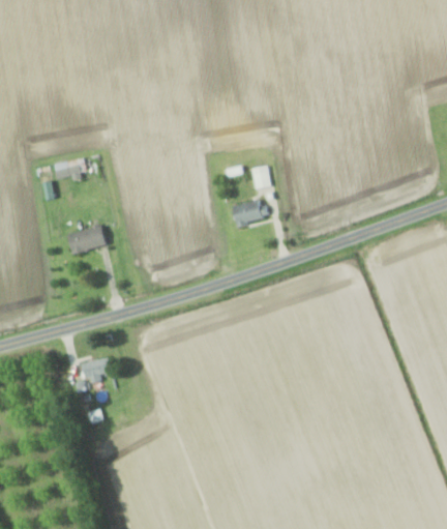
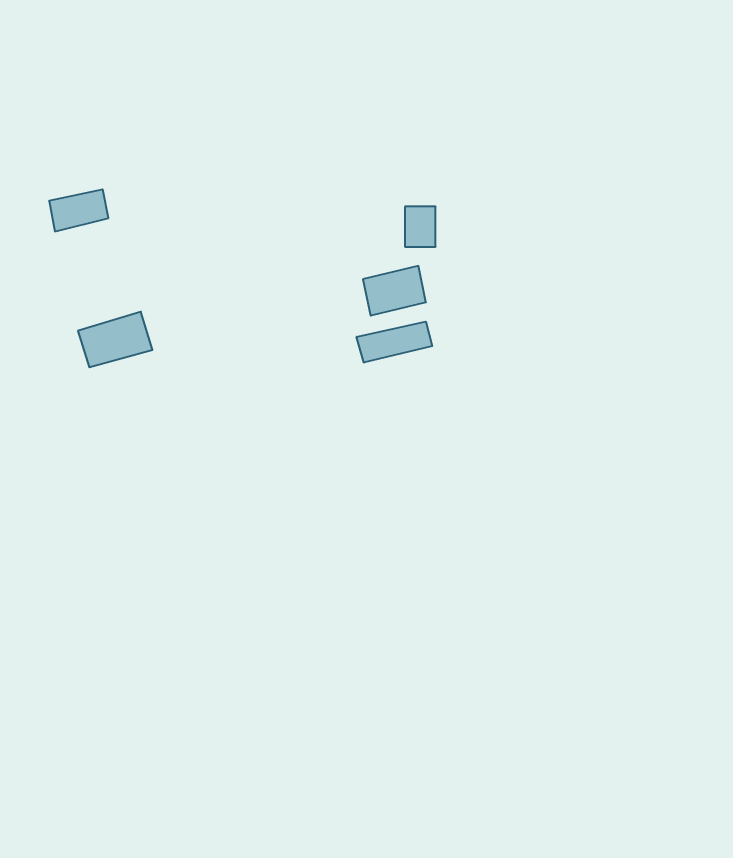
building: none -> [357,322,432,363]
building: [82,354,115,384] -> none

